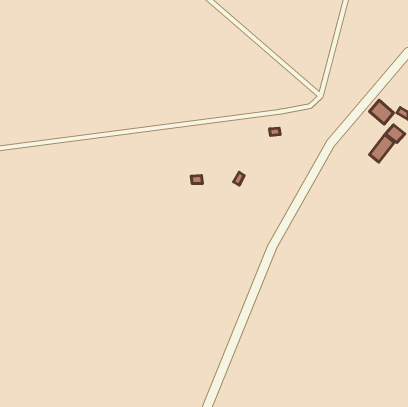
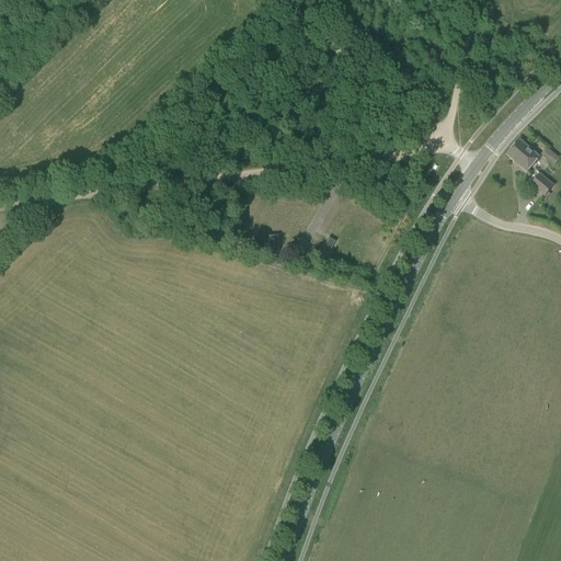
building: [370,135,394,162] -> none

